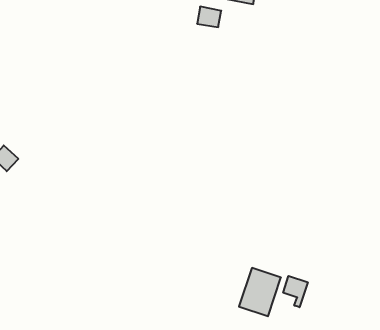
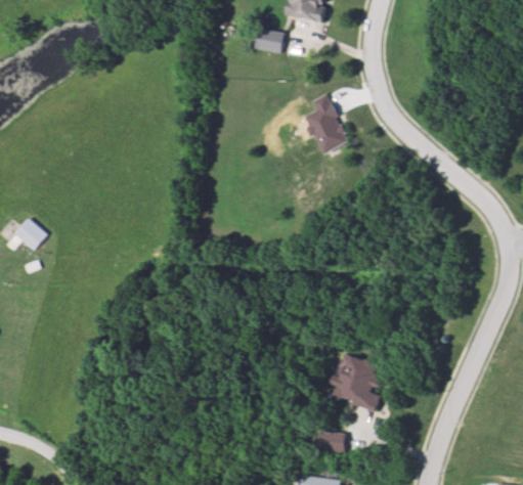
building: none -> [304,100,351,157]
building: [283,276,308,307] -> none

